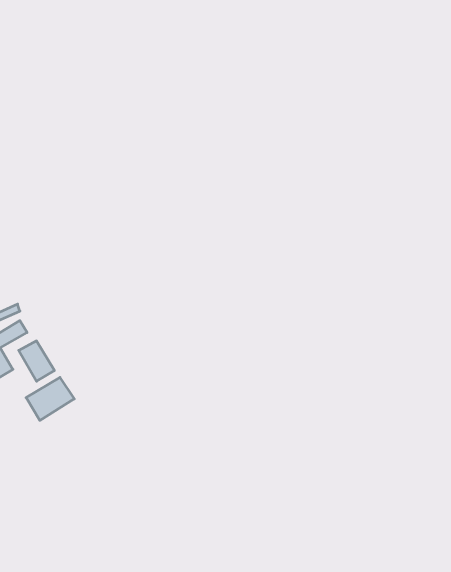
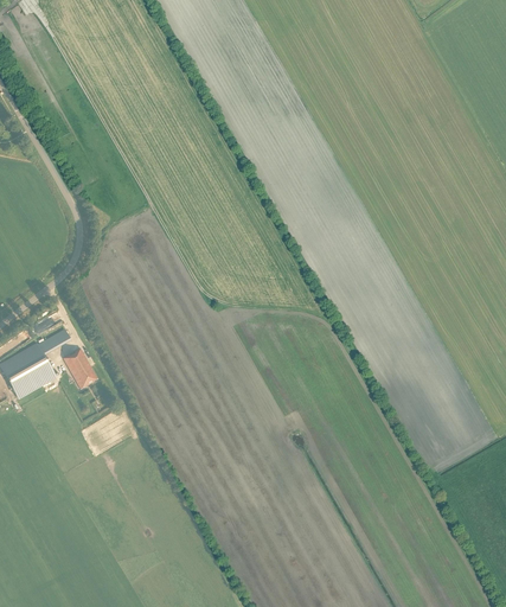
building: [26,377,74,420] -> none

